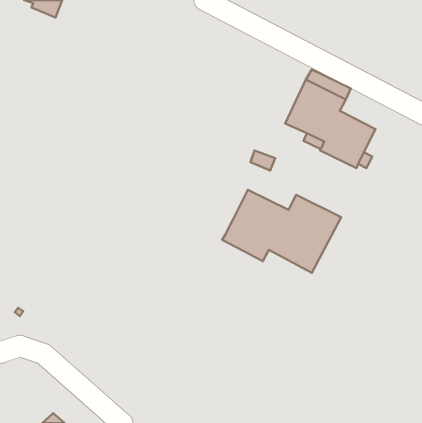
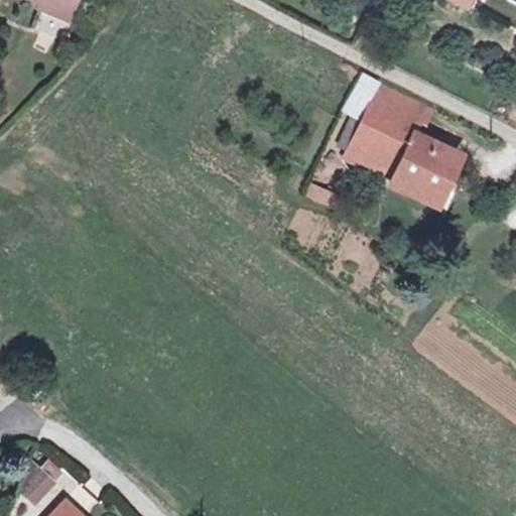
building: [222,190,341,273] -> none
building: none -> [20,462,62,504]

